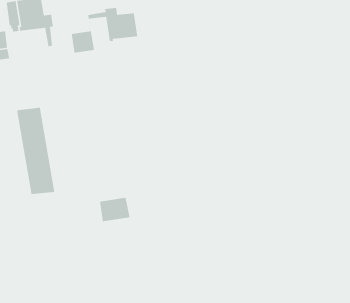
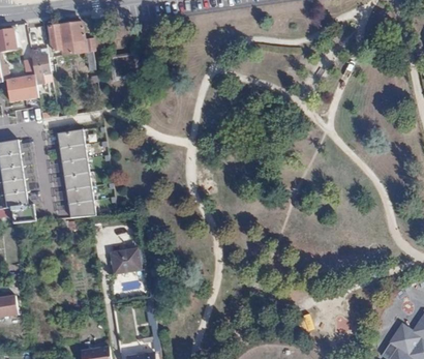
building: [88,7,138,42] -> none
building: [99,197,130,222] -> [110,248,141,273]

